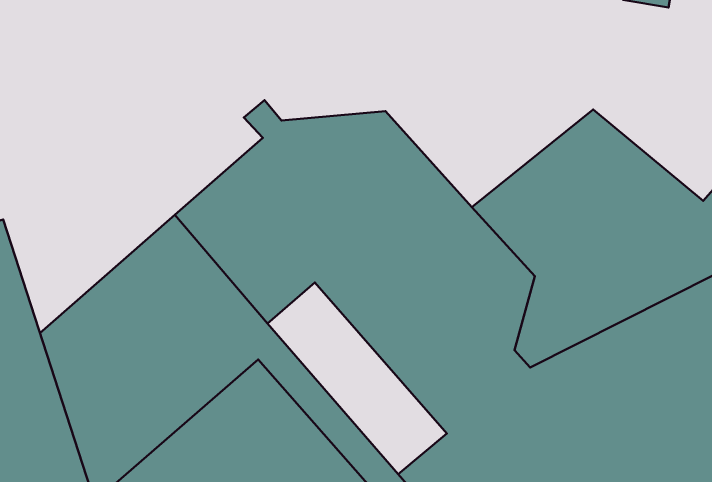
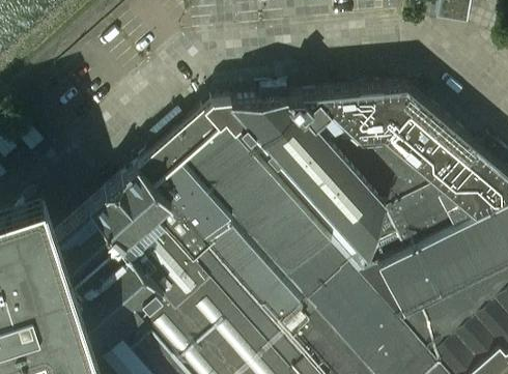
building: none -> [277,89,414,163]
building: none -> [199,212,317,339]

